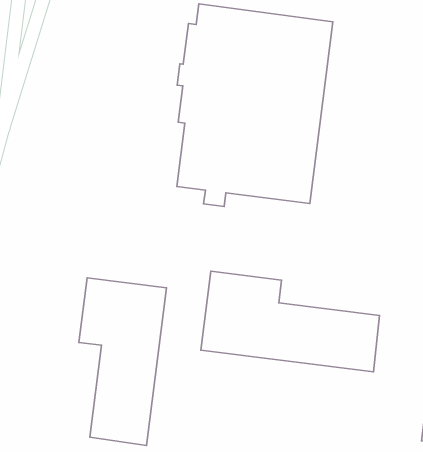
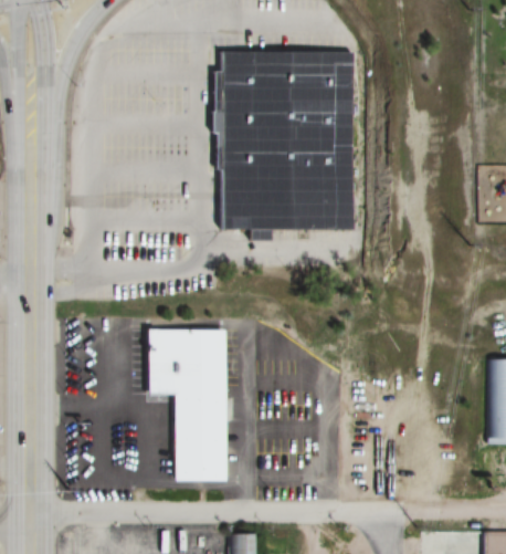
building: [201,271,380,372] -> none

